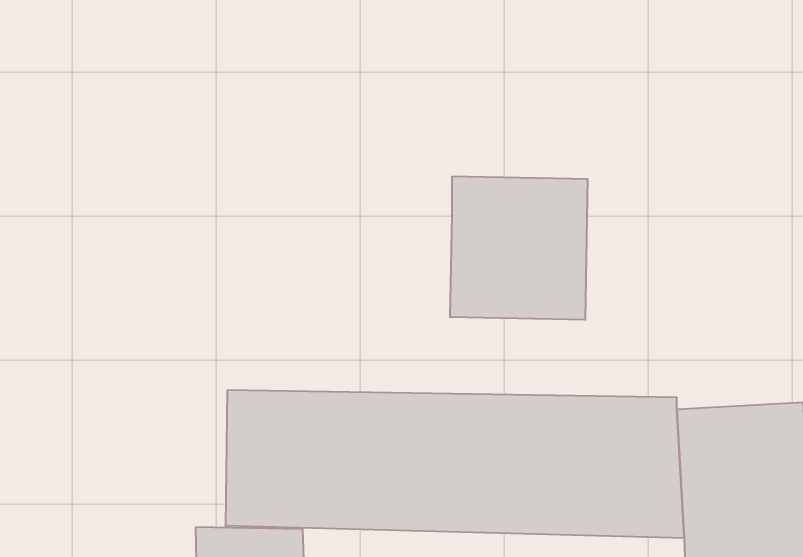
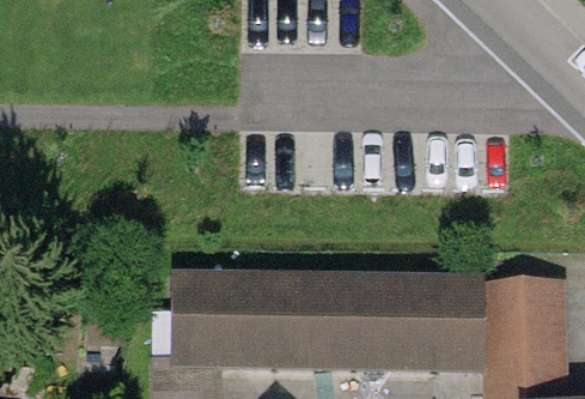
building: [450,176,587,320] -> none

